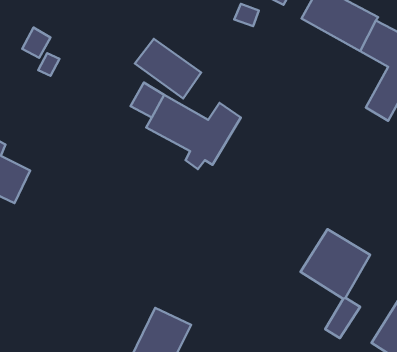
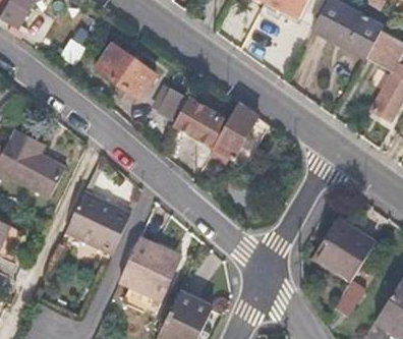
building: [135,39,201,99] -> [97,46,157,100]
building: none -> [68,191,132,252]
building: none -> [120,237,180,296]

